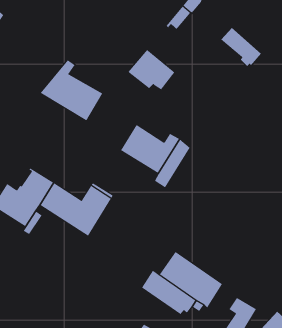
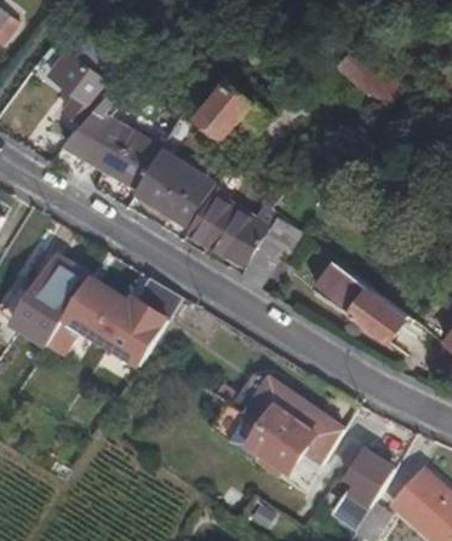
building: none -> [51,50,127,125]
building: none -> [135,148,212,223]
building: none -> [297,246,405,340]

